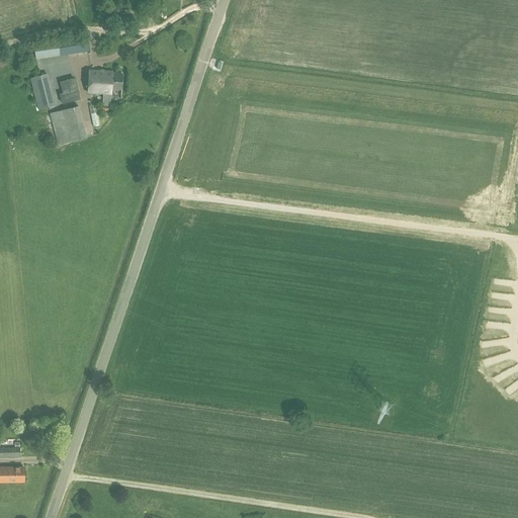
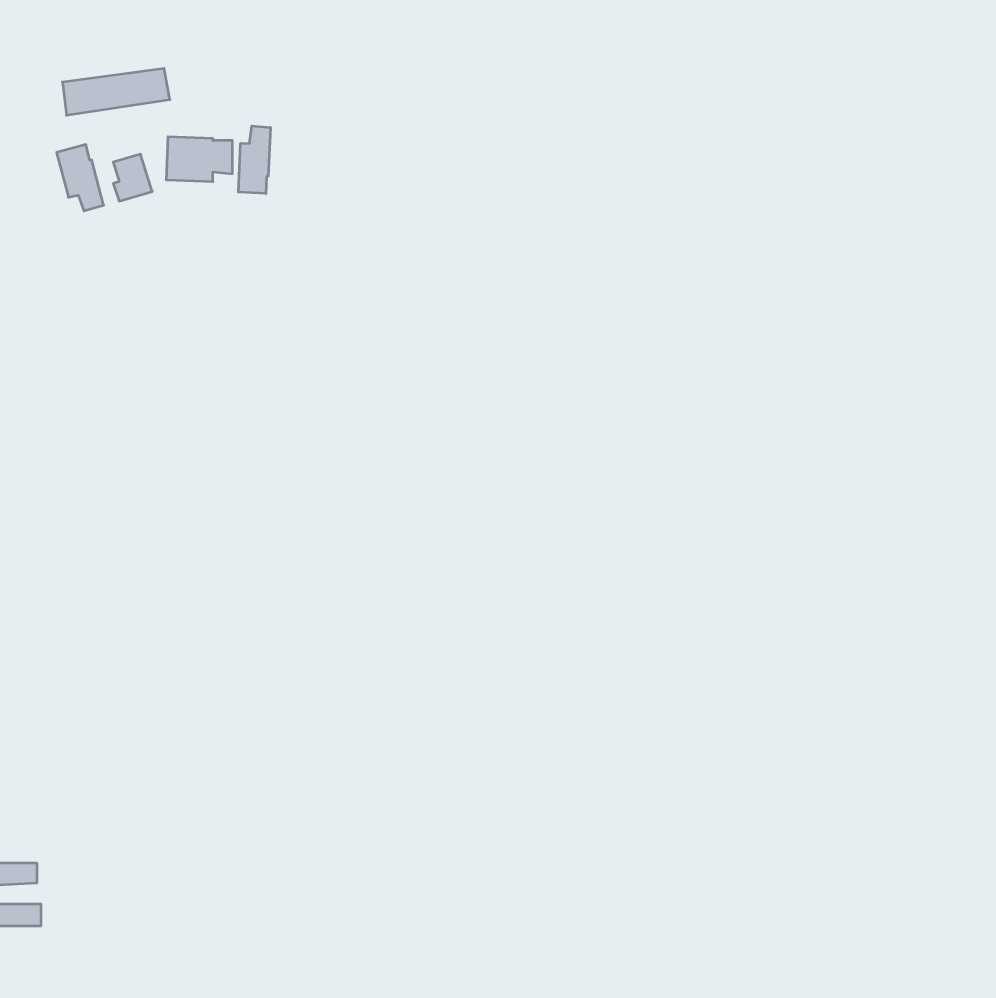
building: none -> [238,126,270,194]
building: [49,105,86,146] -> none

